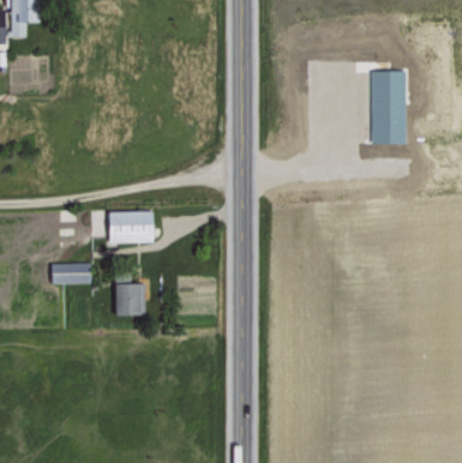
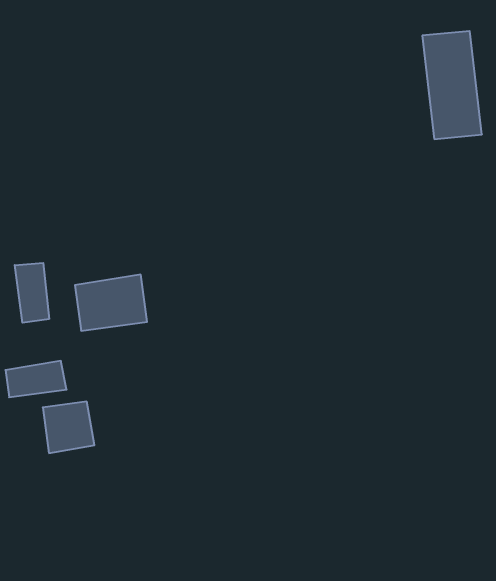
building: none -> [15,263,49,323]
building: [113,283,145,315] -> [43,402,94,453]

